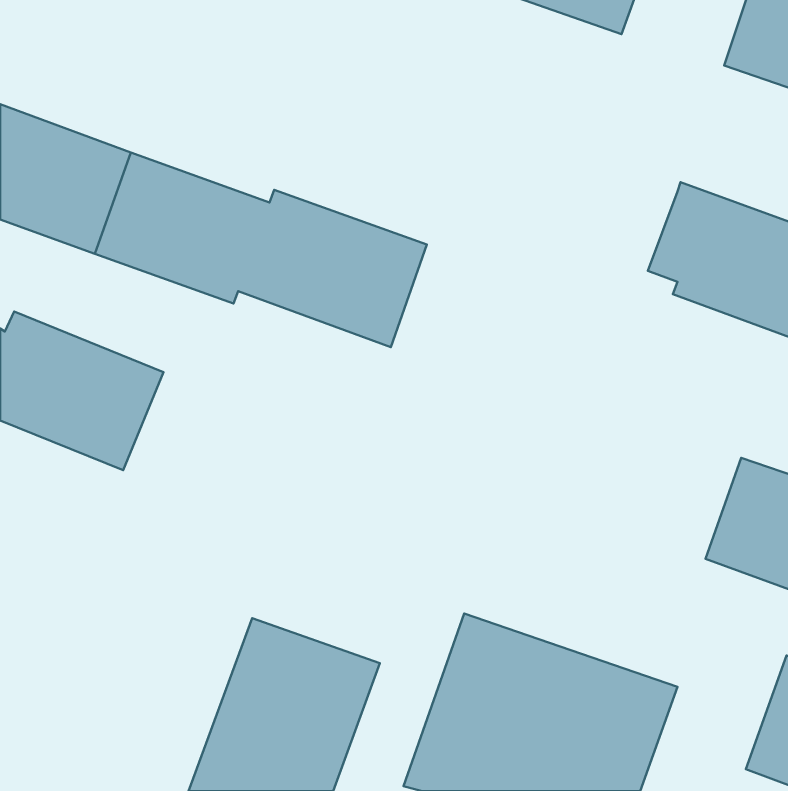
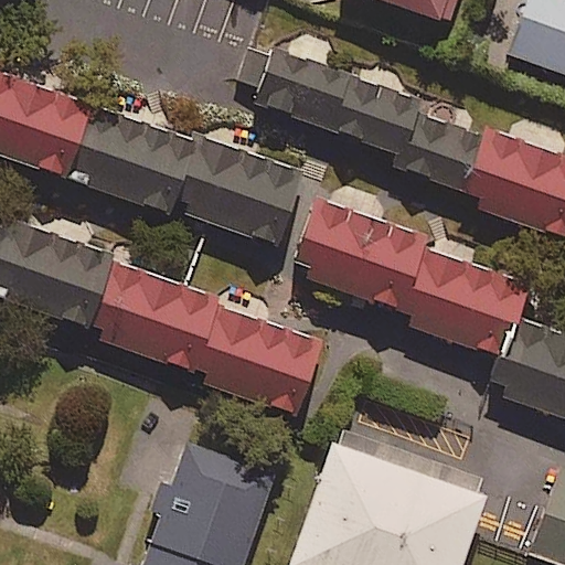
building: none -> [260,52,486,192]
building: none -> [296,202,529,359]
building: none -> [93,264,326,416]

